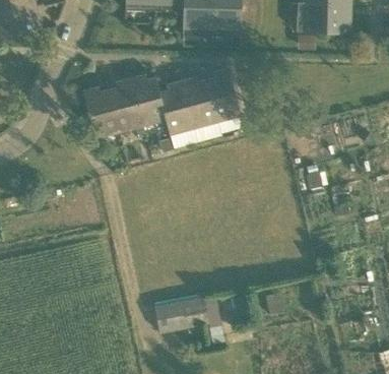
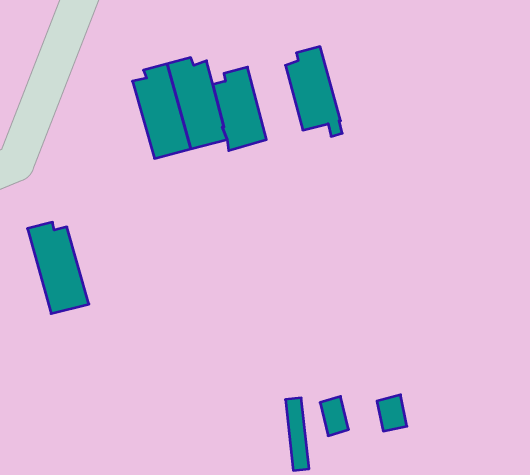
building: [182,76,217,136] -> none
building: [82,86,122,145] -> [27,222,89,314]
building: [155,302,208,331] -> none

